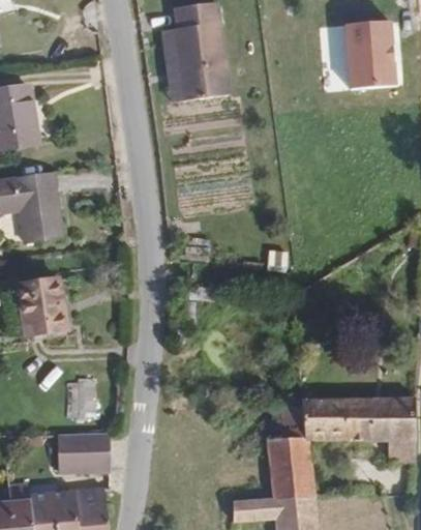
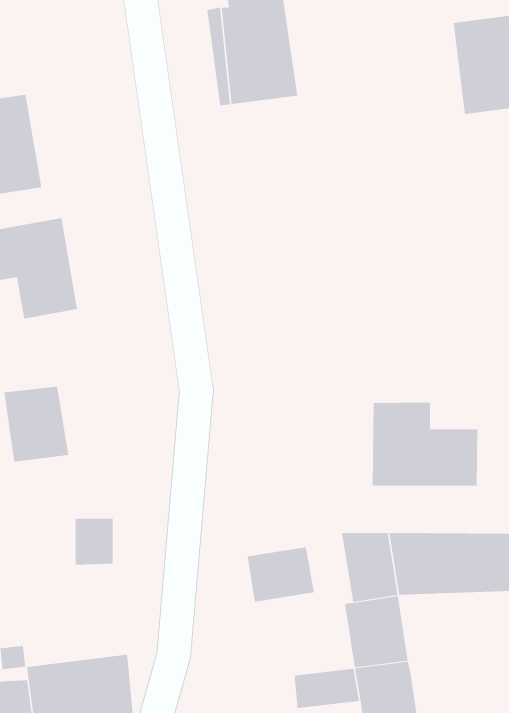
building: none -> [372,402,478,486]
building: none -> [247,546,314,602]
building: [47,438,114,479] -> none

